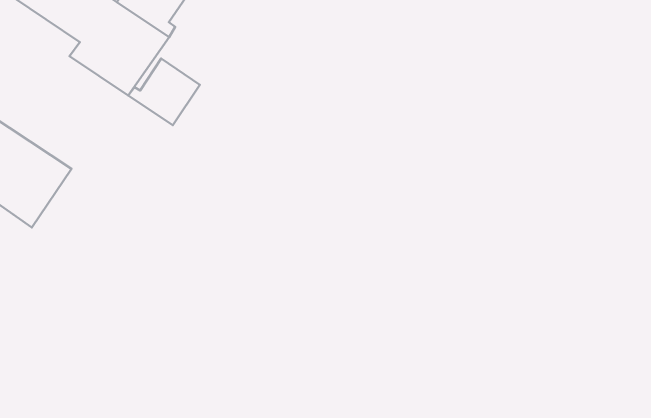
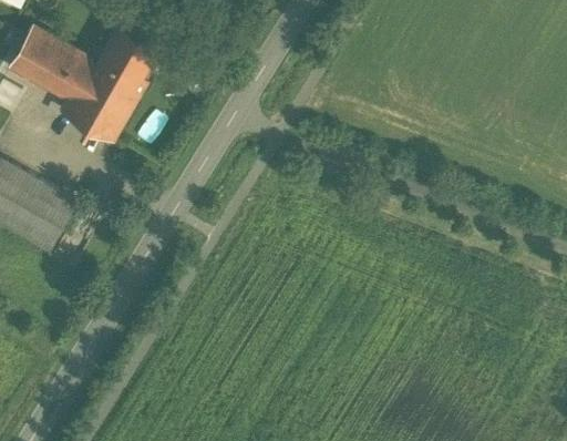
building: [128,59,200,125] -> none

